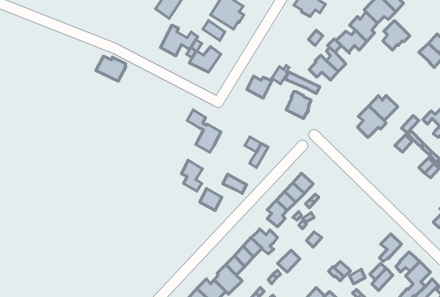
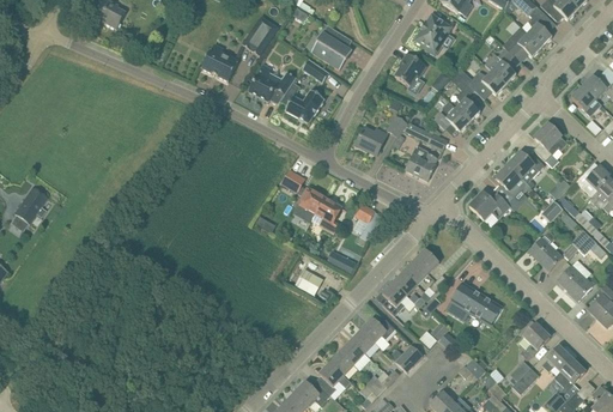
building: none -> [394,53,425,93]
building: [383,21,410,50] -> [533,123,566,160]
building: [96,56,126,81] -> [200,49,237,80]
building: none -> [468,192,509,220]
building: none -> [529,230,562,271]
building: [182,160,203,191] -> [315,196,341,235]
building: none -> [558,266,591,299]
building: none -> [445,281,500,323]

